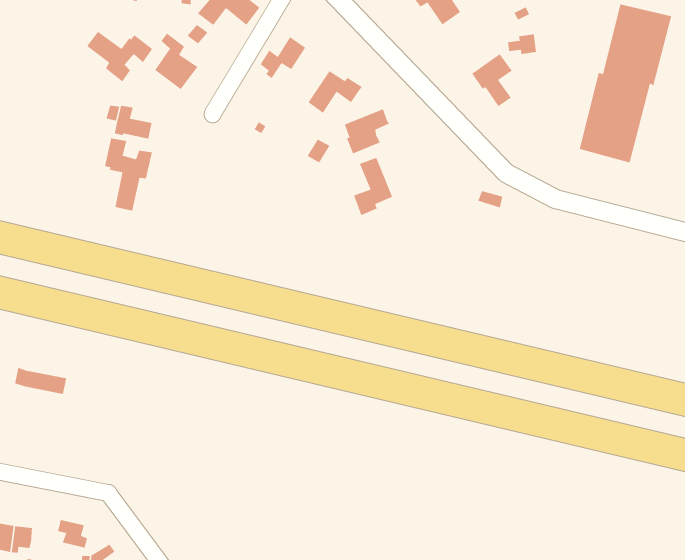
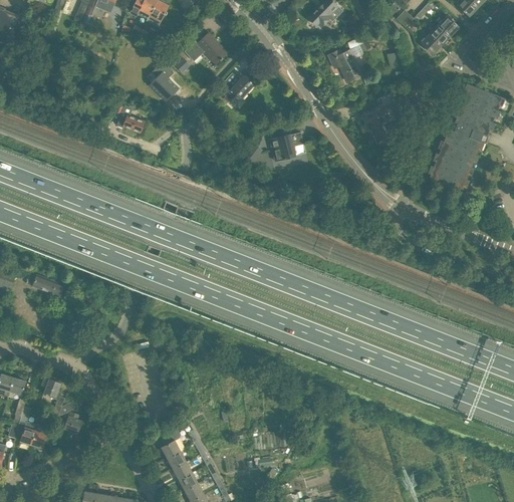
building: [86,31,153,83] -> none
building: [307,70,363,114] -> none
building: [104,138,153,212] -> none
building: [353,157,393,216] -> none

